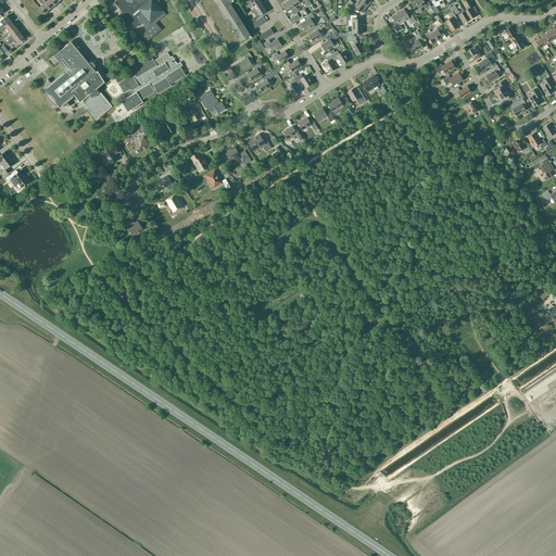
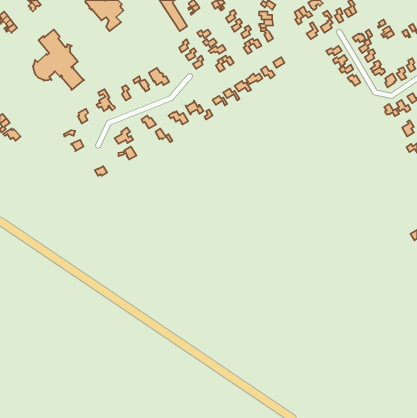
building: [117,52,185,111] -> none

